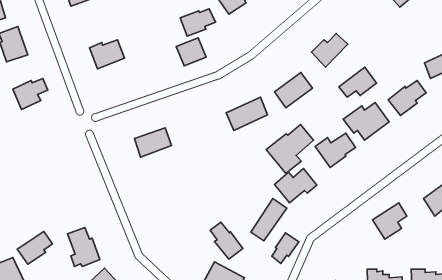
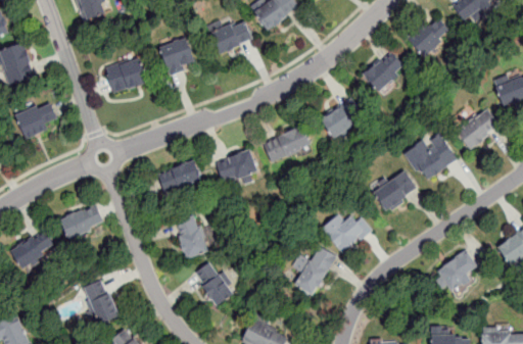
building: none -> [409,20,450,58]
building: [176,38,206,66] -> [159,40,194,72]
building: [339,67,377,97] -> none
building: none -> [217,151,262,184]
building: [266,125,314,174] -> none
building: none -> [60,204,103,239]
building: none -> [174,214,206,257]
building: [210,222,243,259] -> [193,261,231,304]
building: [17,231,53,264] -> [11,231,52,268]
building: [272,233,299,264] -> none

